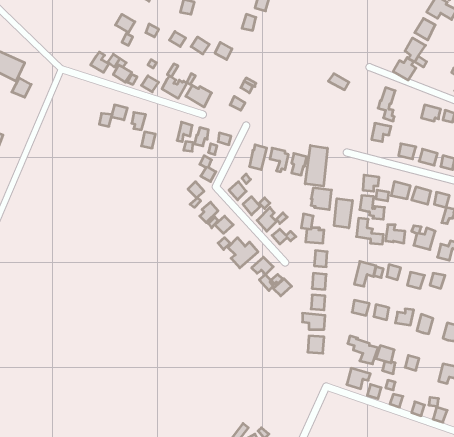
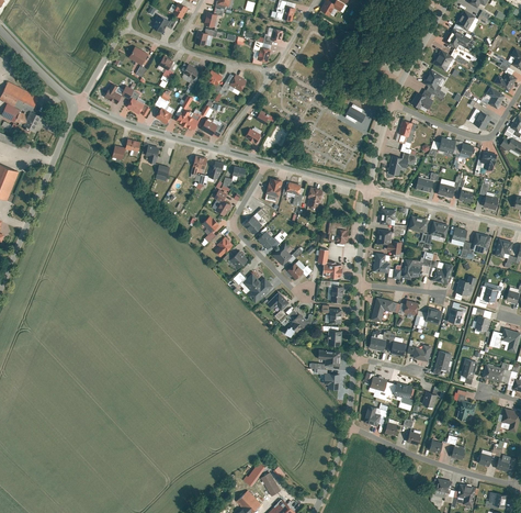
building: [305,145,327,186] -> none
building: [334,199,352,228] -> none

